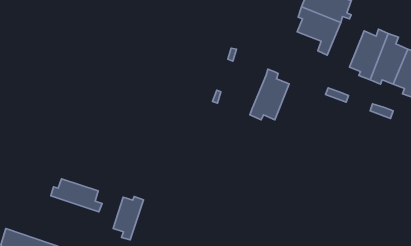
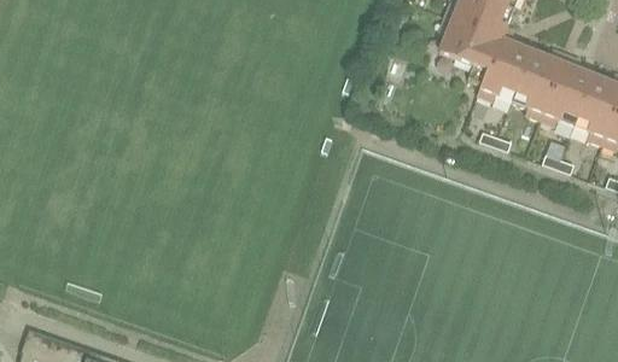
building: [250,69,289,120] -> [477,29,532,100]
building: [51,179,102,212] -> none
building: [113,197,144,240] -> none

